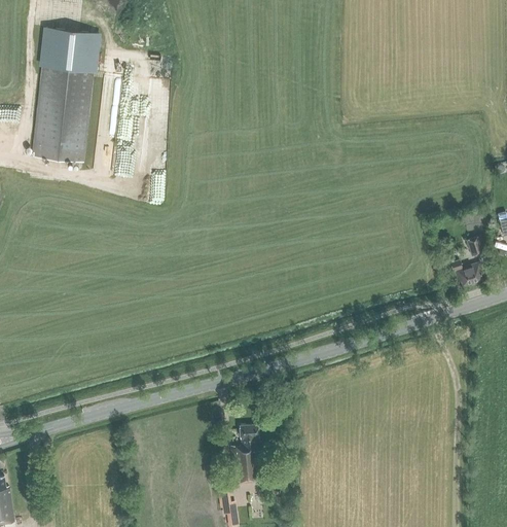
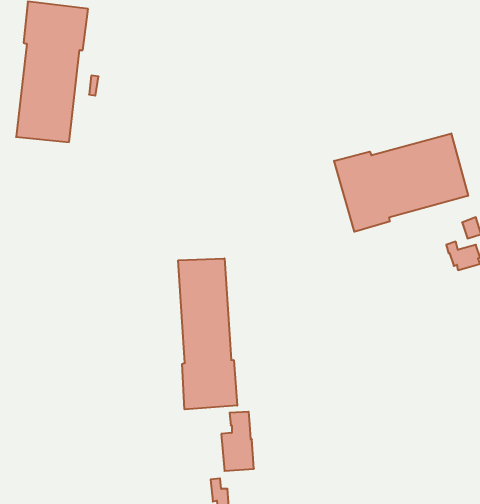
building: none -> [334,133,468,232]
building: none -> [178,258,237,409]

